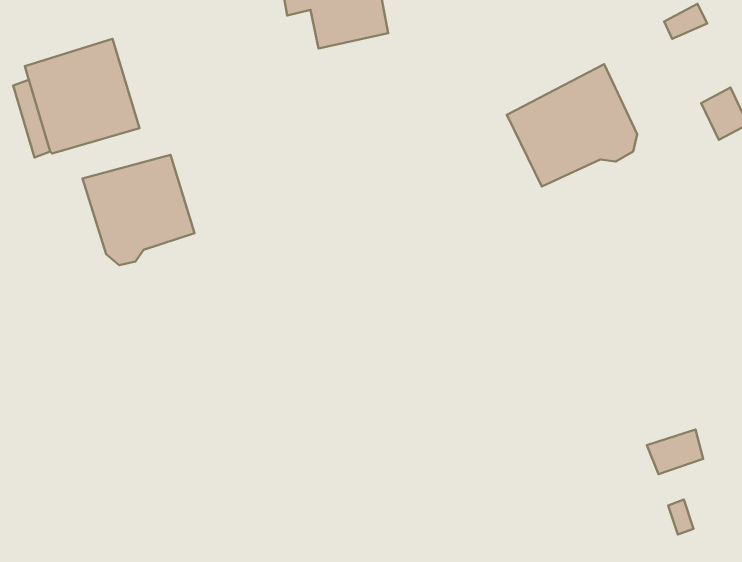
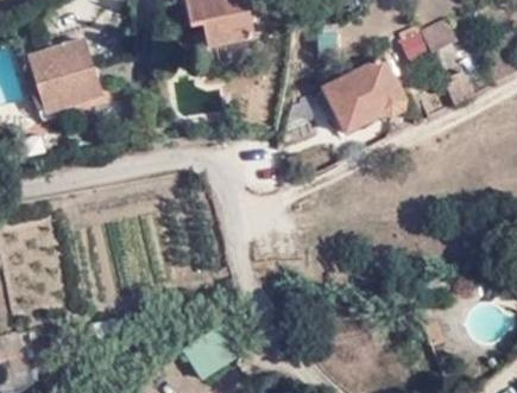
building: [82,155,194,265] -> none

